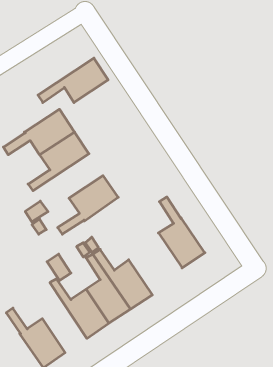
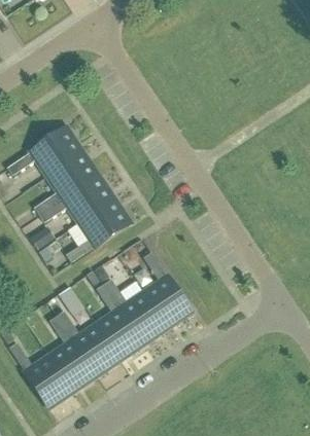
building: [38,58,108,103] -> [38,175,114,223]
building: [158,197,205,268] -> [142,251,193,328]
building: none -> [48,315,97,391]

